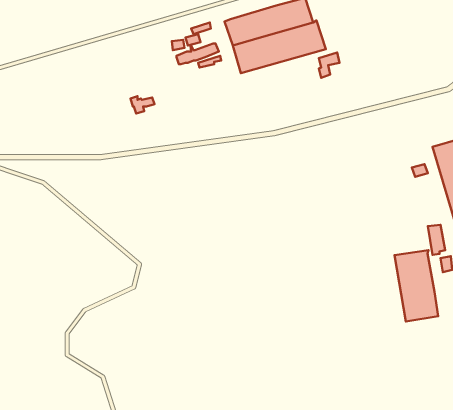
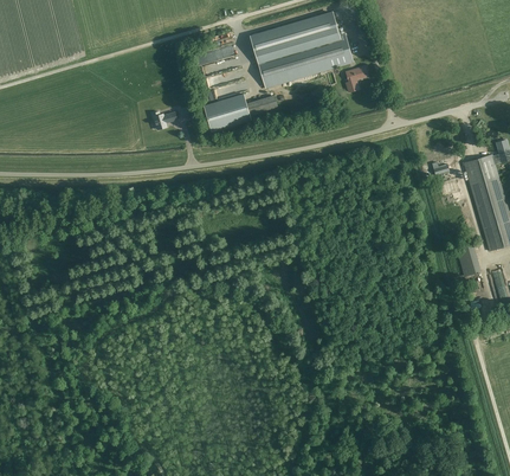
building: none -> [204,95,251,133]
building: [395,250,438,321] -> none

